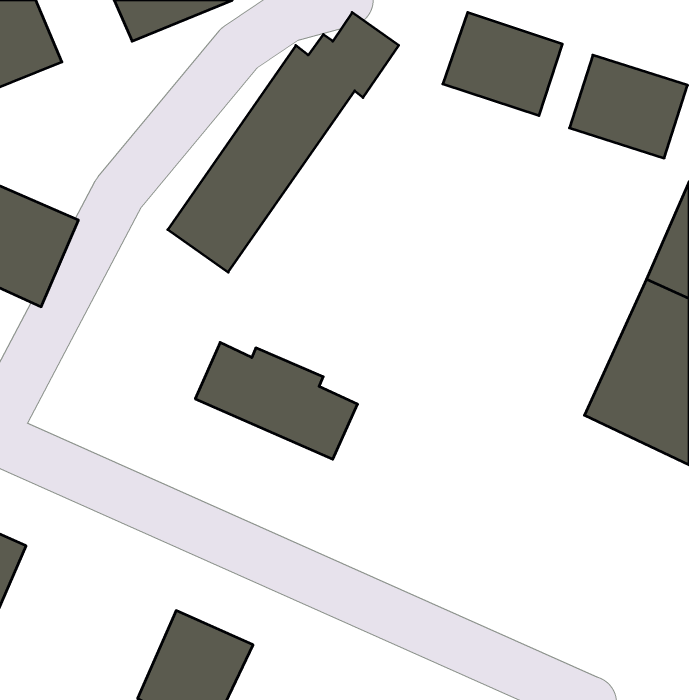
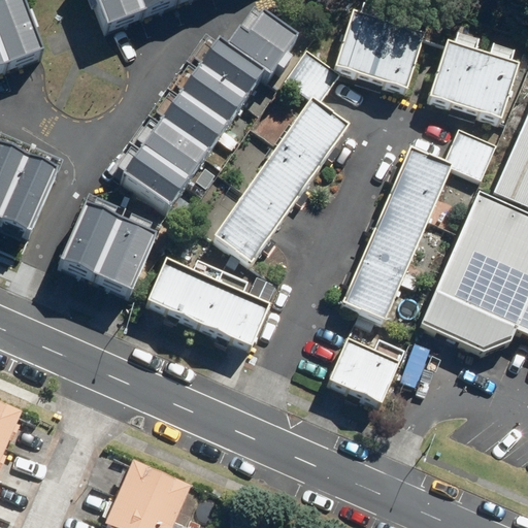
building: none -> [209,53,348,264]
building: none -> [339,132,491,321]
building: none -> [59,201,157,292]
building: none -> [328,339,397,402]

